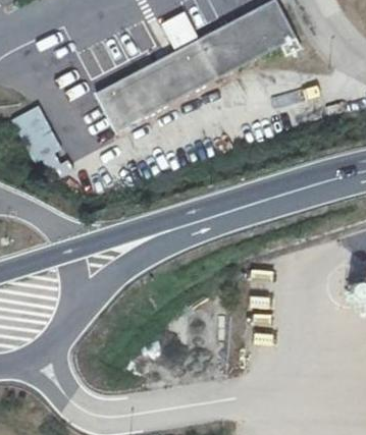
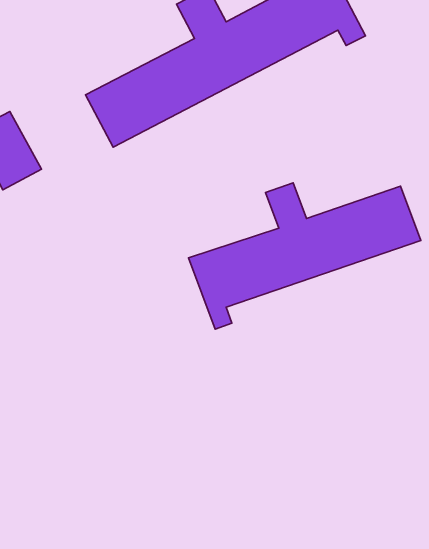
building: none -> [189,183,421,329]

